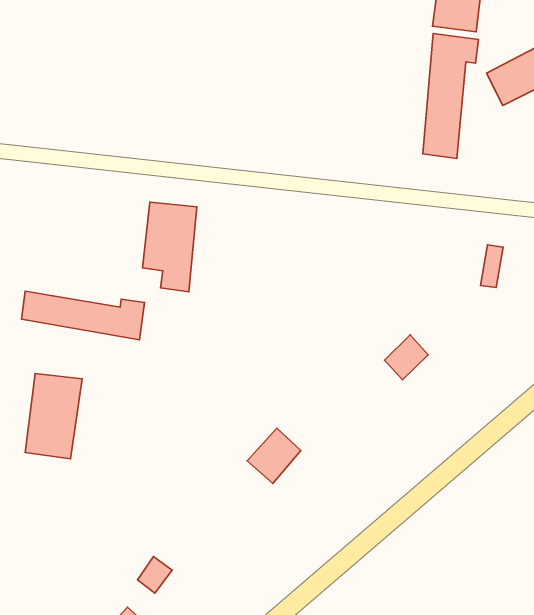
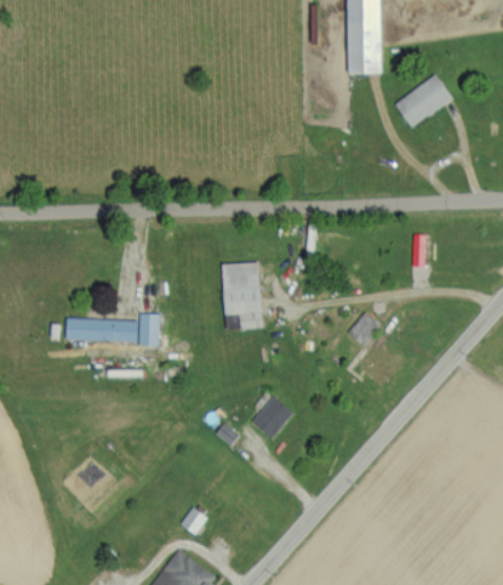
building: [423,33,479,159] -> none
building: [143,202,197,292] -> [222,263,261,329]
building: [25,374,82,459] -> none

